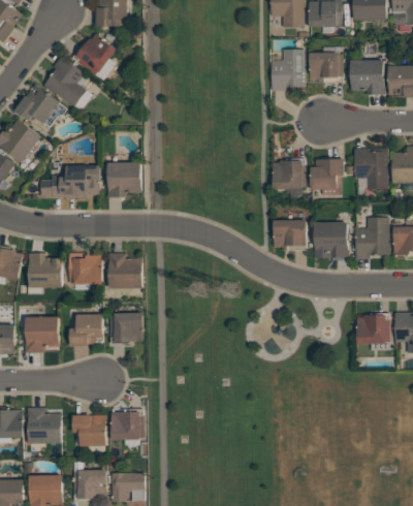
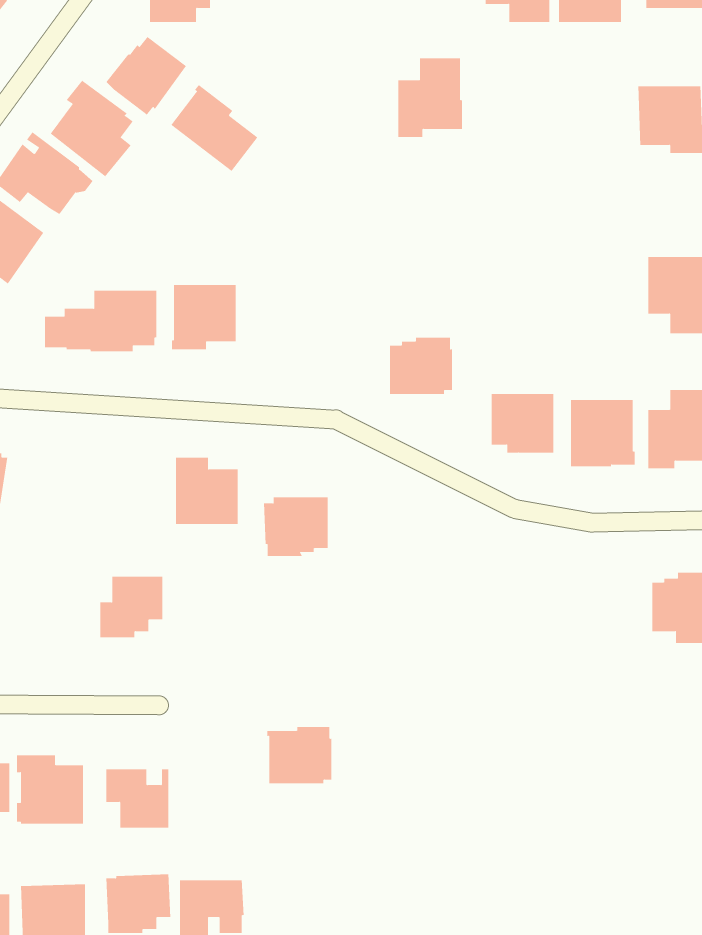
building: [271,50,305,91] -> [397,58,463,137]
building: [309,53,342,84] -> none
building: none -> [171,84,258,172]
building: [272,159,305,189] -> [389,337,453,395]
building: [310,160,343,195] -> none
building: [28,253,62,292] -> none
building: [68,253,101,284] -> none
building: [108,313,142,344] -> [263,497,329,557]
building: [24,317,58,353] -> none
building: [109,410,144,440] -> [267,726,332,784]

